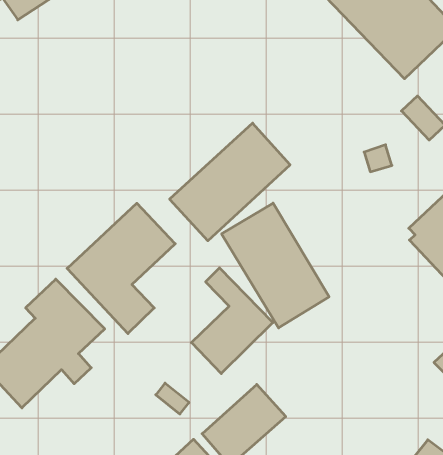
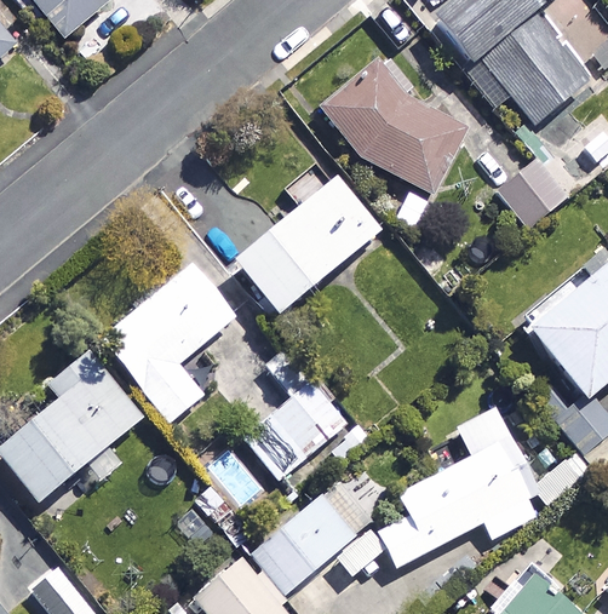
building: none -> [320,48,465,191]
building: [222,203,329,328] -> none
building: none -> [339,407,541,573]

